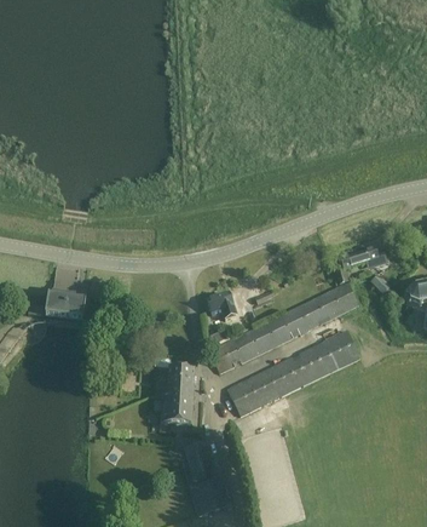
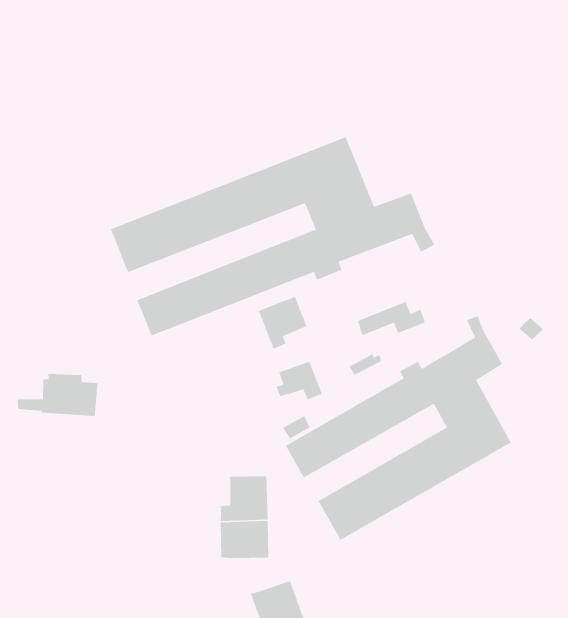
building: none -> [110,136,435,336]
building: [342,246,388,268] -> [357,301,426,336]
building: none -> [258,296,308,350]

